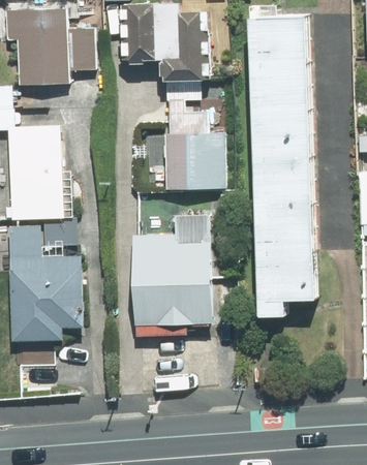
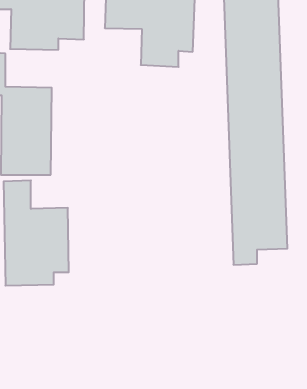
building: [165,103,227,195] -> none
building: [132,214,213,336] -> none

